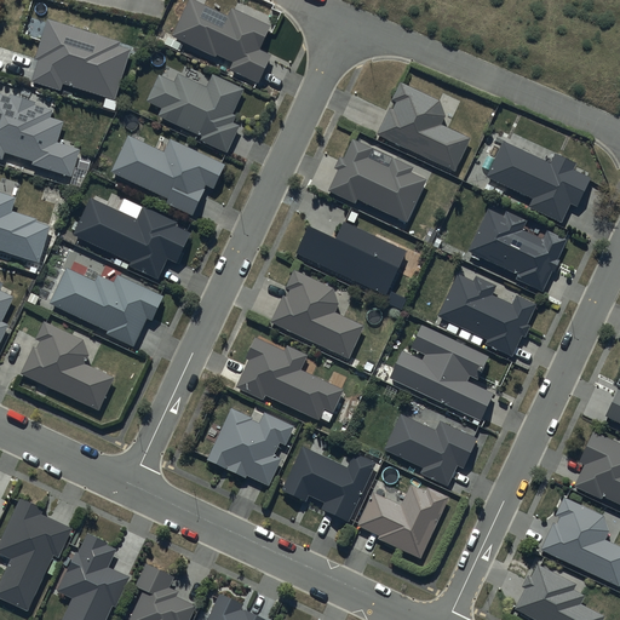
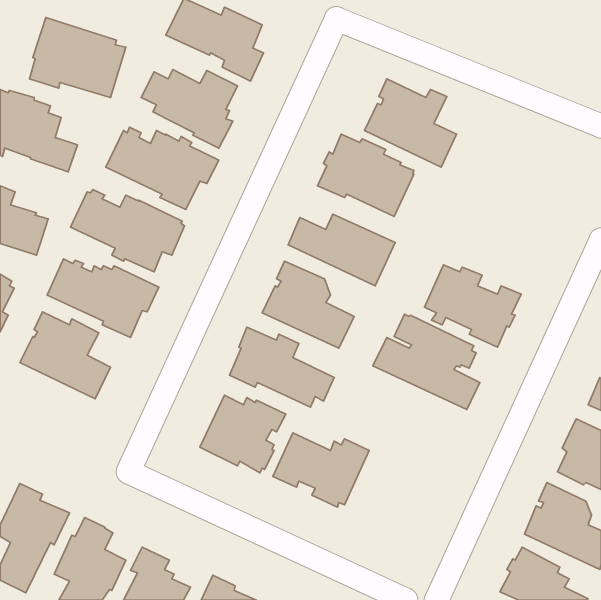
building: [484,139,590,223] -> none
building: [466,207,566,292] -> none
building: [383,413,480,487] -> none
building: [357,483,449,558] -> none

